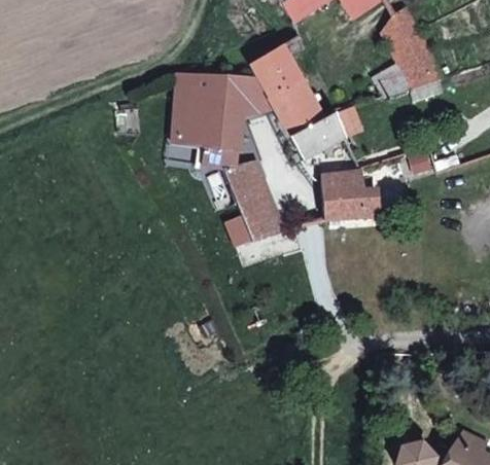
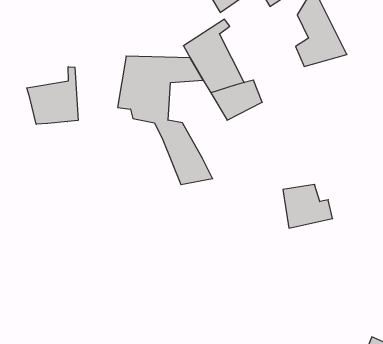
building: none -> [27,67,78,124]
building: [318,167,378,219] -> [283,184,333,228]

